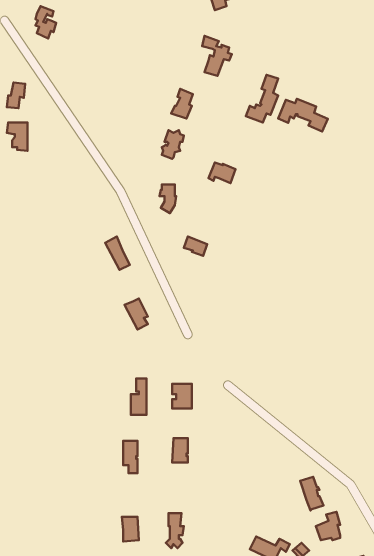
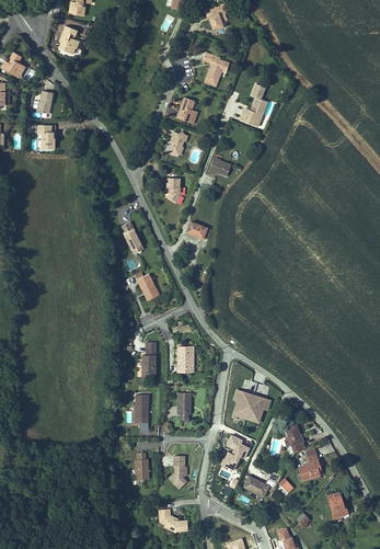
building: [278,99,328,131] -> none
building: none -> [233,388,269,420]
building: none -> [223,433,249,469]

